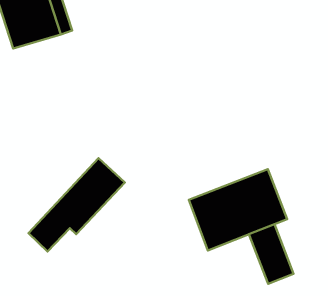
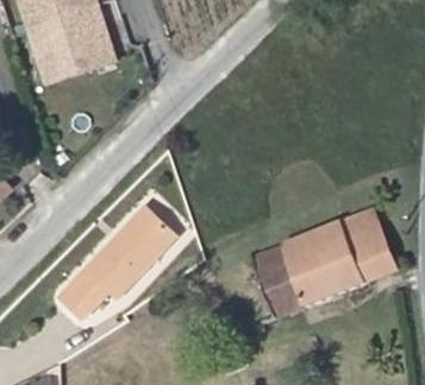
building: [249,224,294,284] -> [344,210,396,280]

